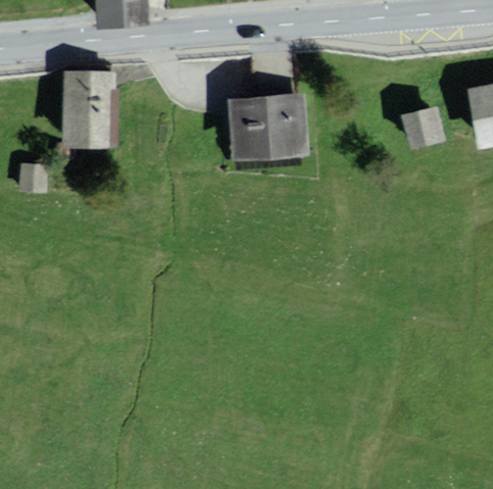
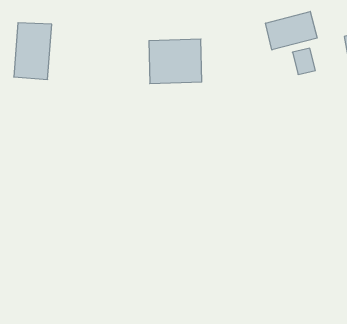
building: none -> [266,11,317,50]

